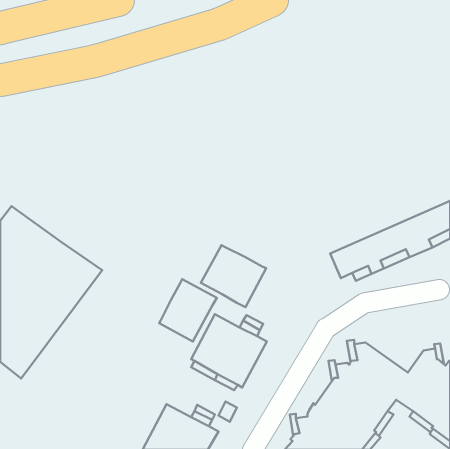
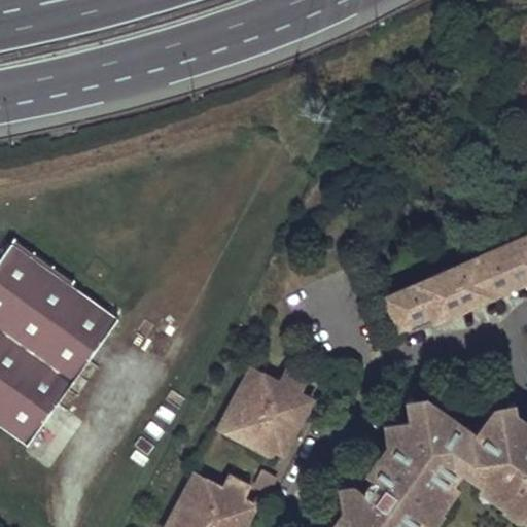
building: [201,245,266,307] -> none
building: [159,279,217,341] -> none

